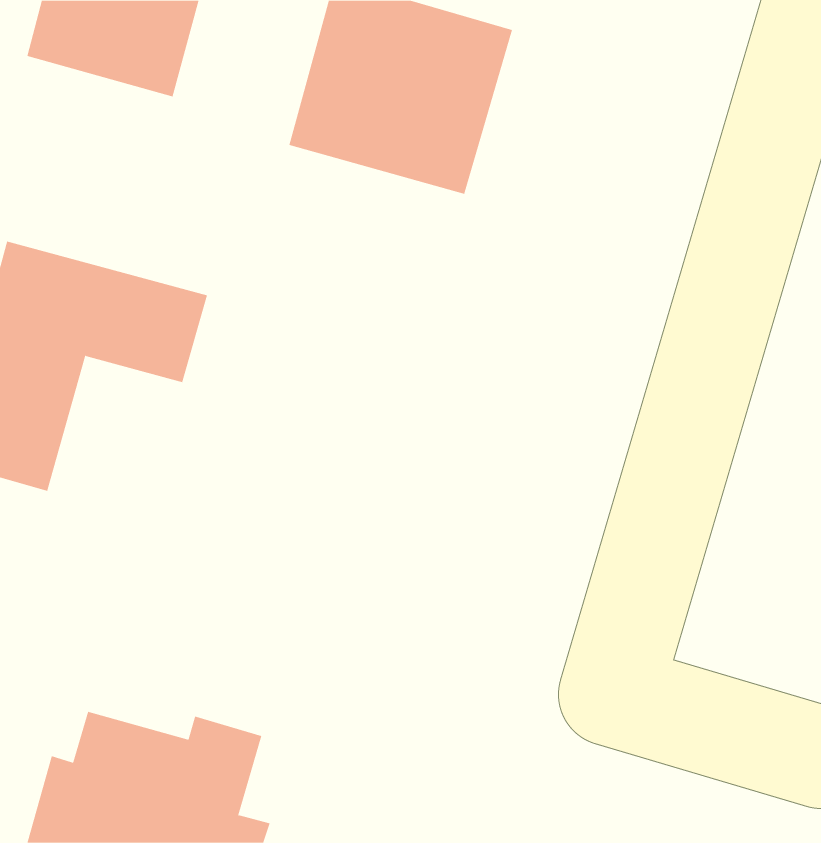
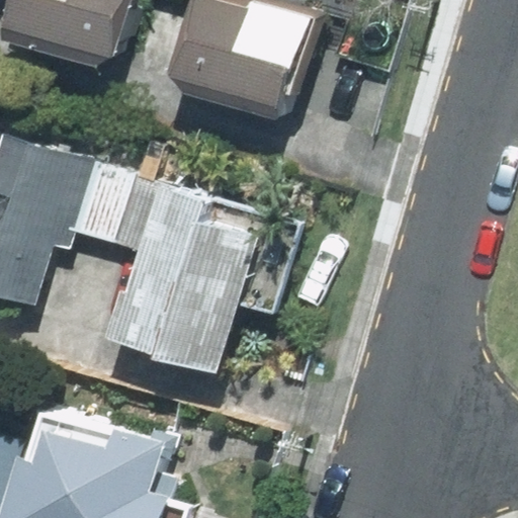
building: none -> [114,184,249,365]

